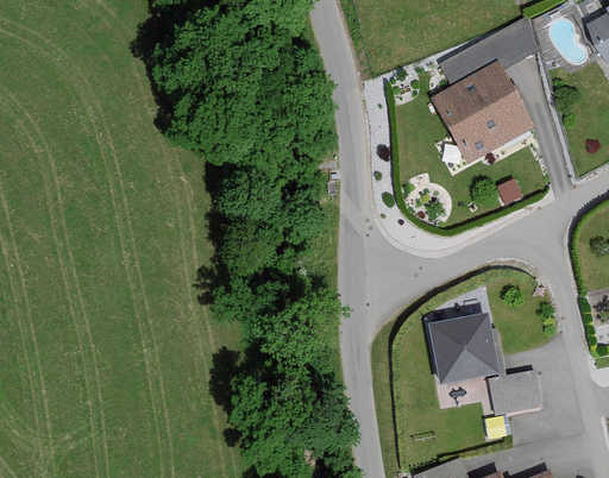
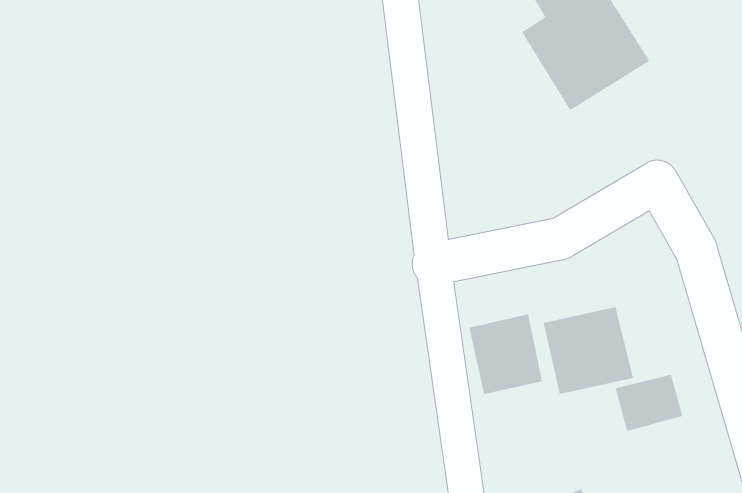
building: none -> [469,314,543,395]

